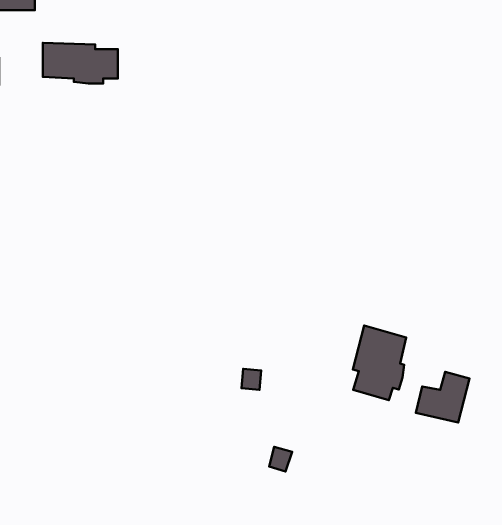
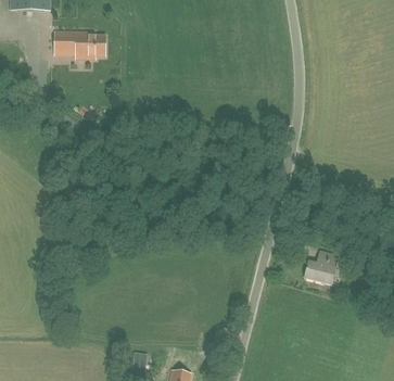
building: [353,326,406,400] -> none

